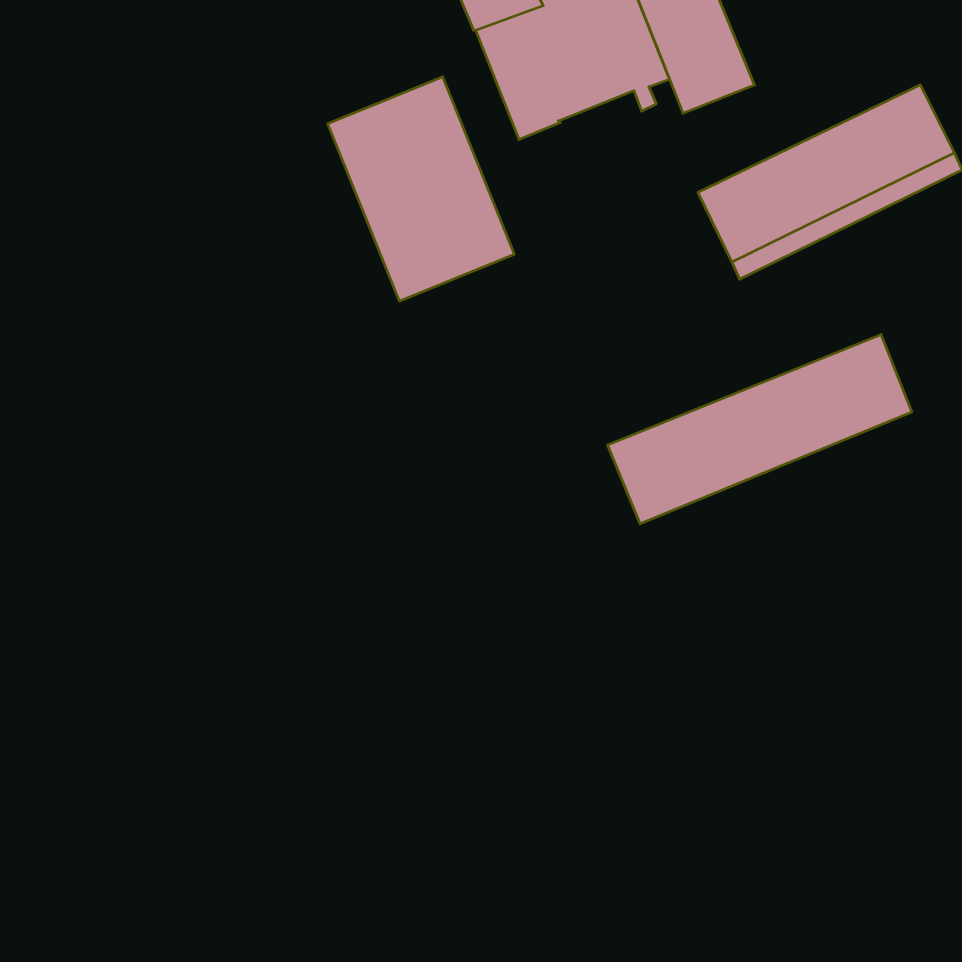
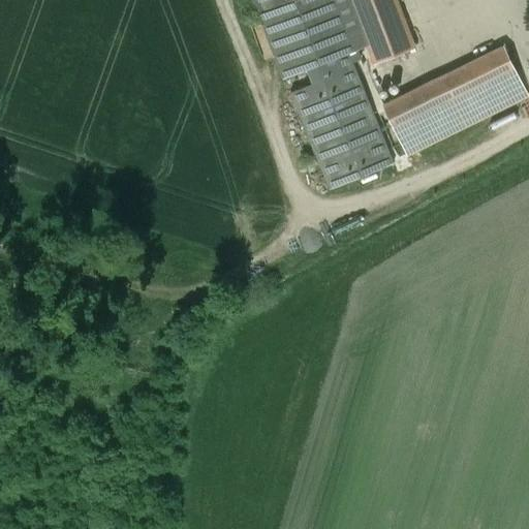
building: [328,77,514,301] -> [290,65,393,188]
building: [608,334,912,524] -> none

